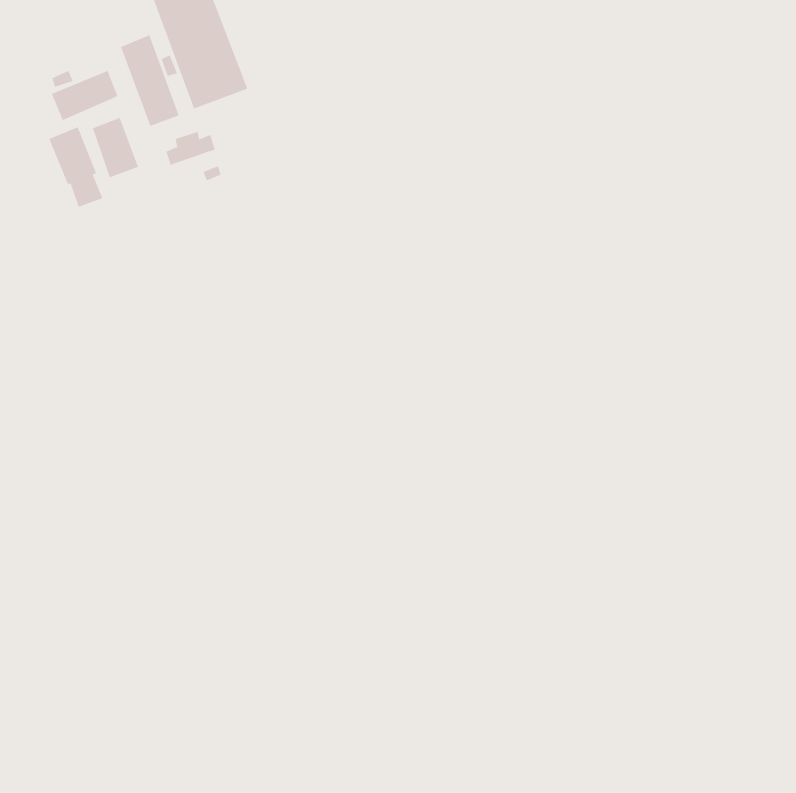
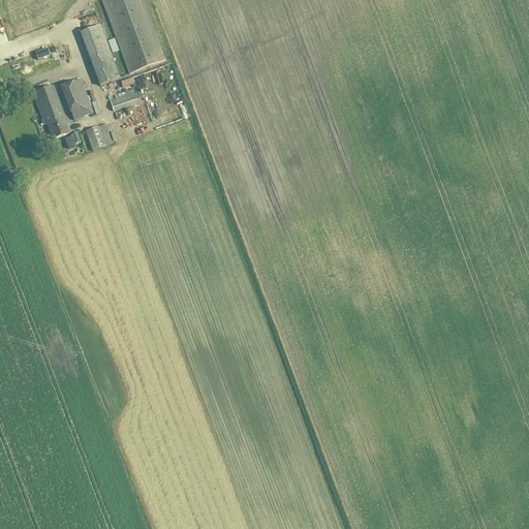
building: [51,70,118,121] -> none
building: none -> [85,122,112,149]

